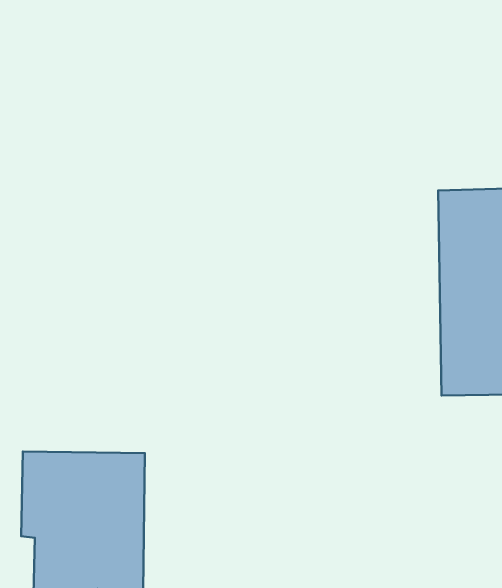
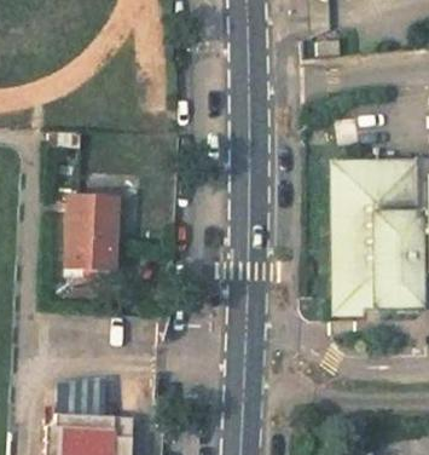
building: none -> [62,195,112,276]

